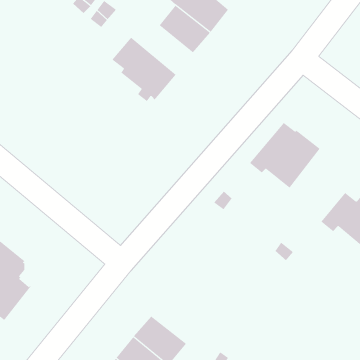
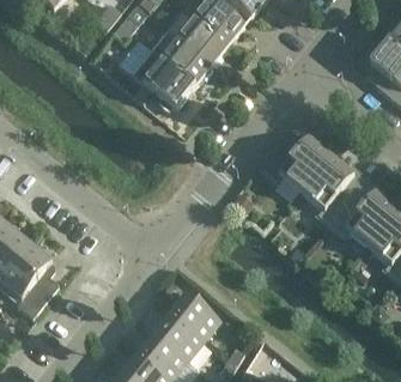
building: none -> [148,30,209,86]
building: none -> [300,156,353,224]
building: none -> [170,291,220,339]

